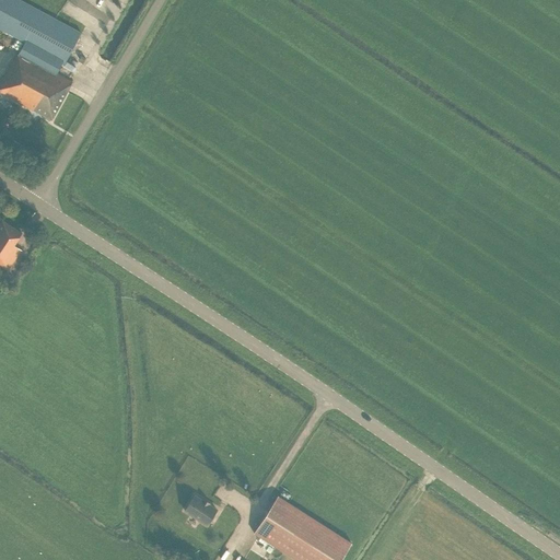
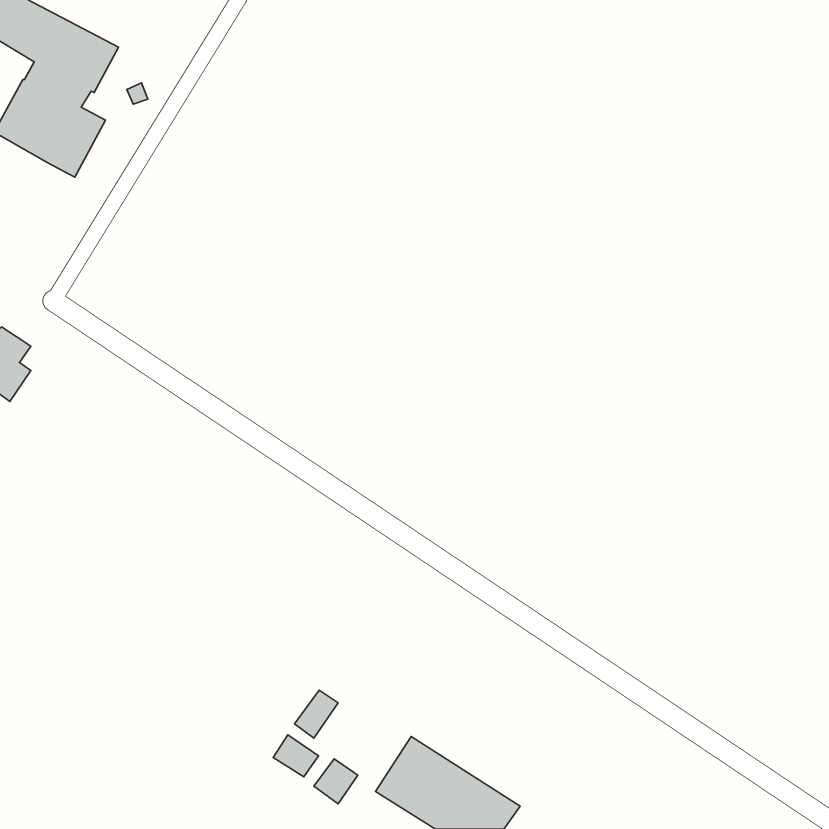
building: none -> [294,690,338,738]
building: none -> [314,759,358,804]

